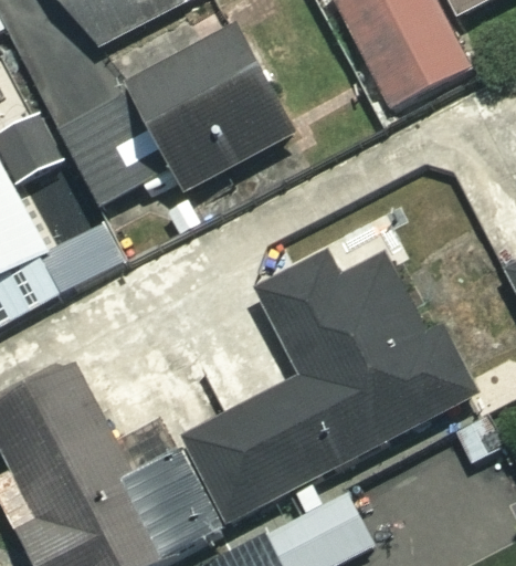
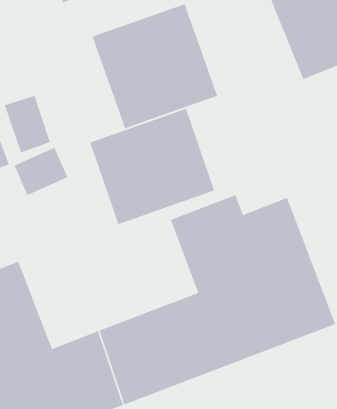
building: none -> [89,108,215,225]

